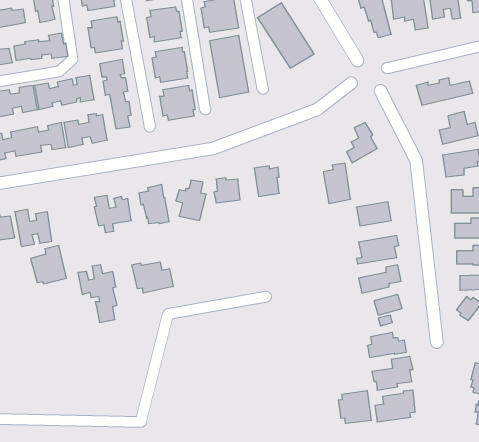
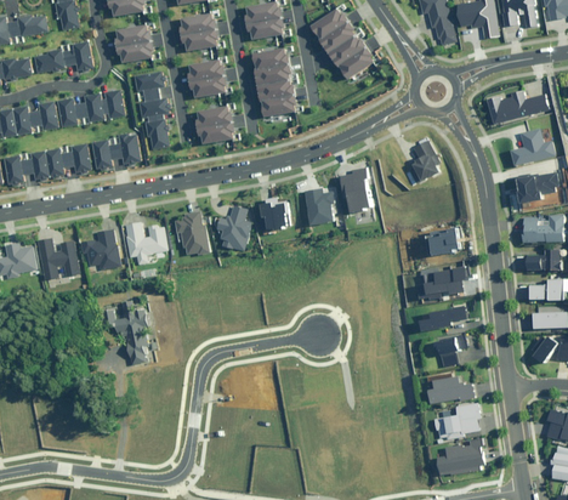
building: [323,163,351,203] -> [339,167,369,212]
building: [31,246,66,284] -> [80,228,120,271]
building: [132,262,173,293] -> none
building: [339,390,371,423] -> none

